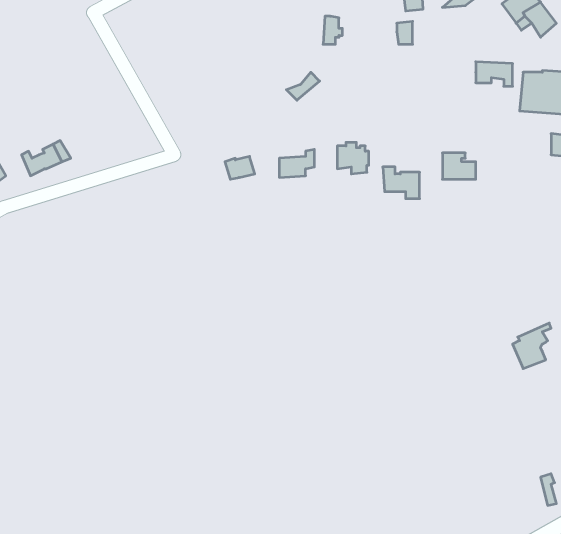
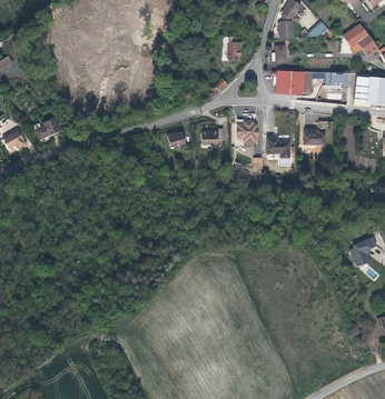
building: none -> [272,70,312,94]

